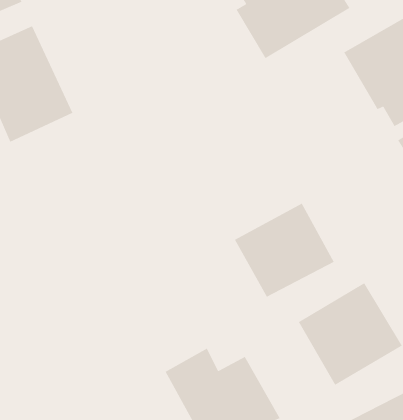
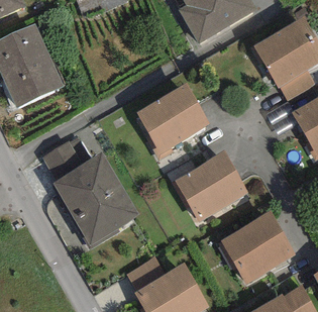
building: none -> [136,82,211,153]
building: none -> [42,138,140,247]

